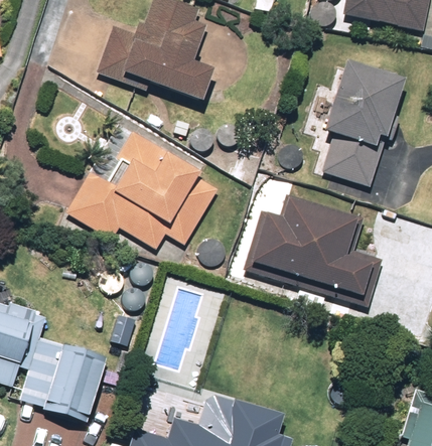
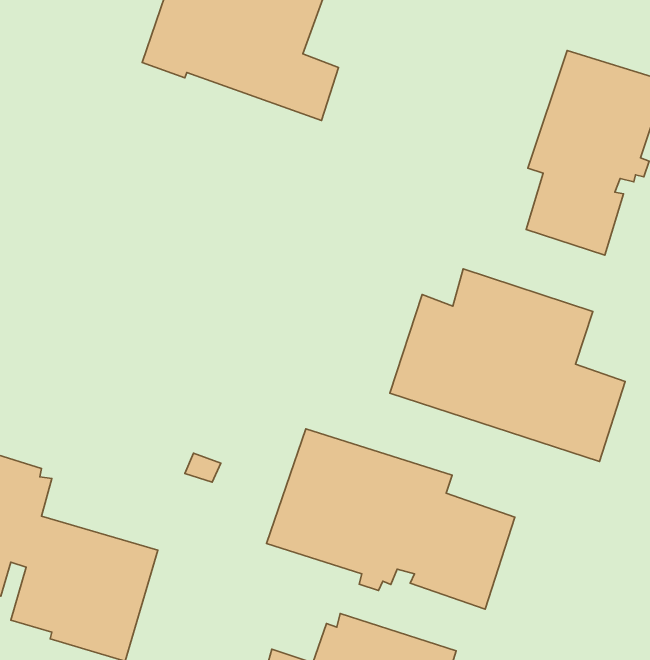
building: [65,121,217,247] -> none
building: none -> [267,429,515,609]

